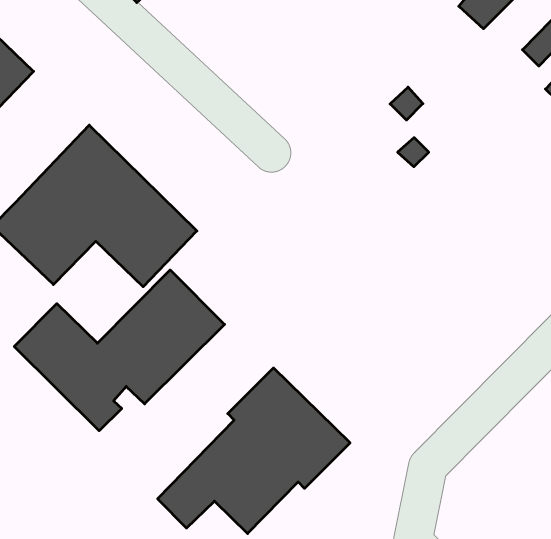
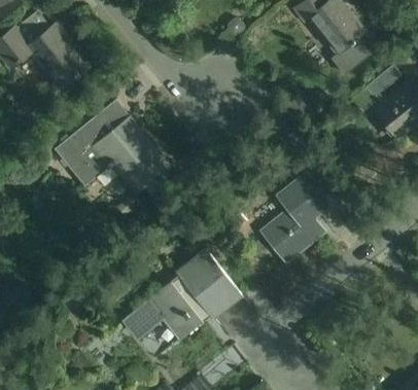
building: none -> [263,168,338,261]
building: [14,270,225,431] -> none

